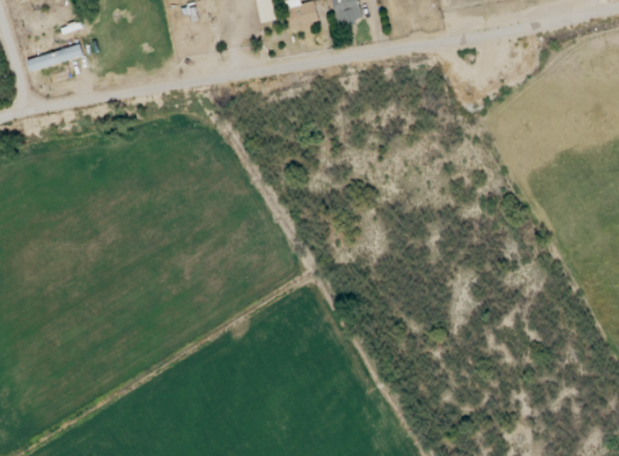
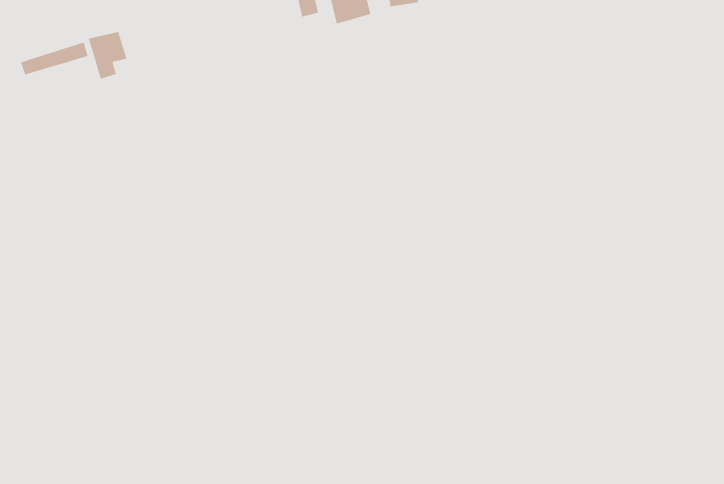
building: none -> [88,31,127,79]

